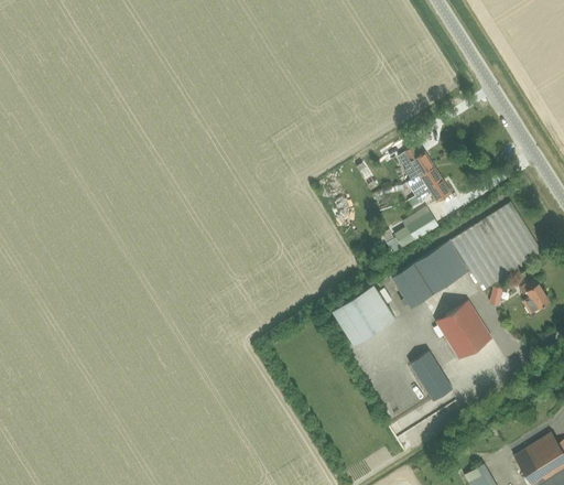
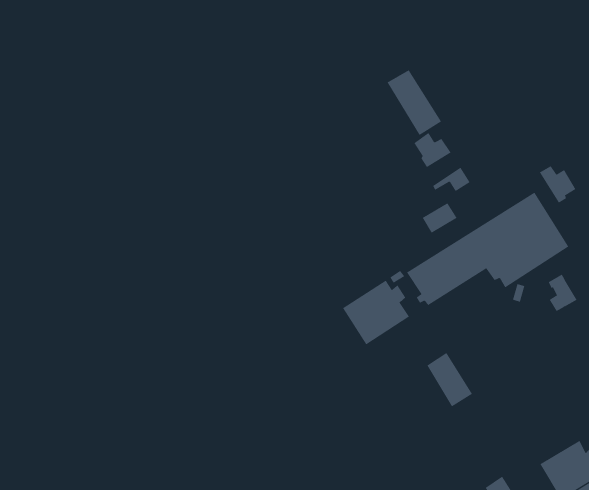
building: none -> [387,69,442,136]
building: [406,165,442,196] -> none
building: none -> [539,166,576,203]
building: [435,301,491,358] -> none

